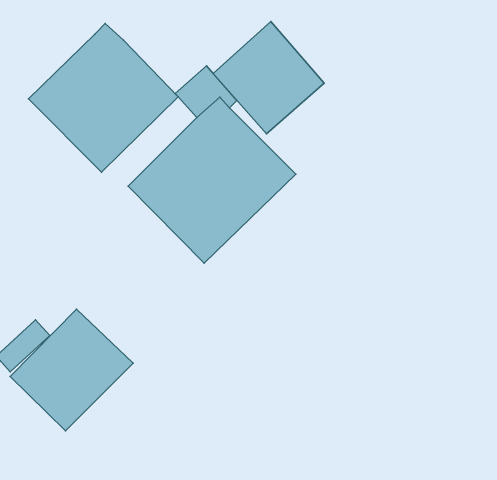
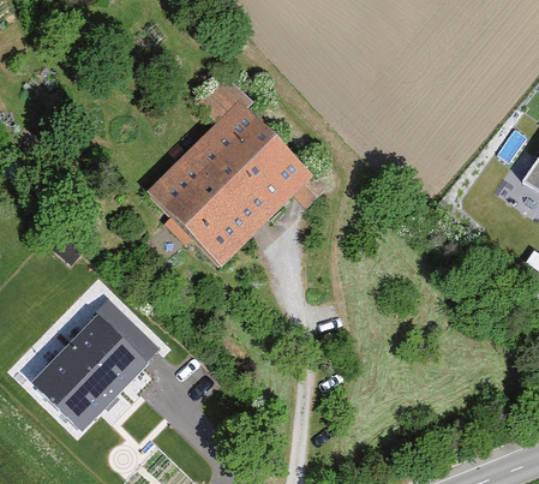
building: [213,22,324,134] -> none
building: [28,23,178,172] -> none

